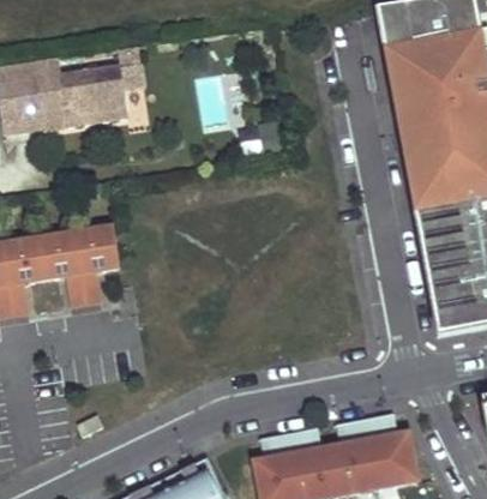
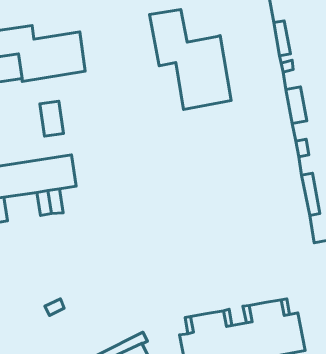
building: none -> [150,9,231,110]
building: none -> [40,101,64,136]

